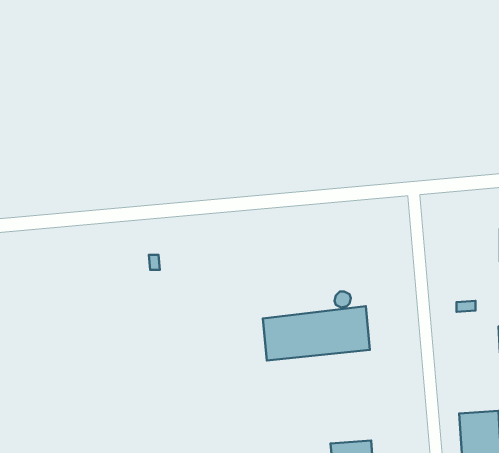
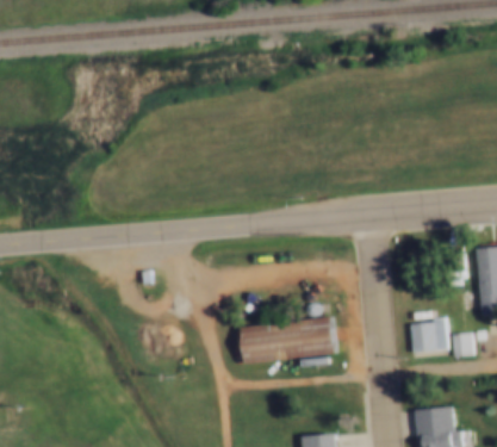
building: none -> [410,317,445,354]

